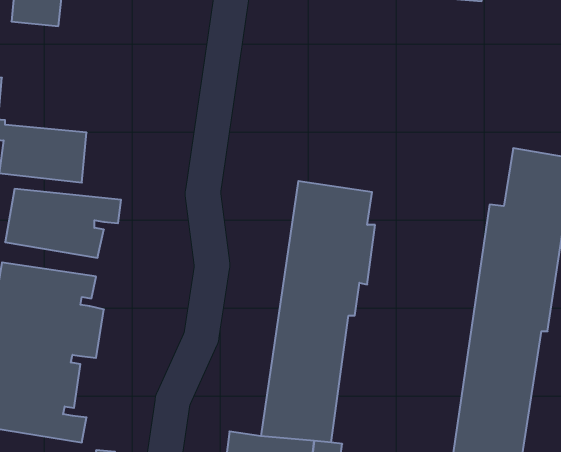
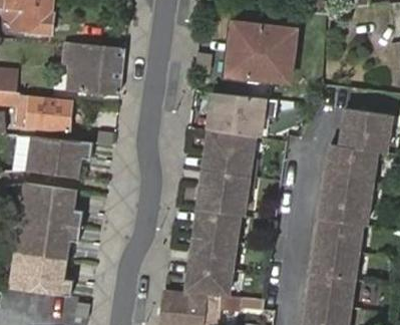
building: none -> [230,27,297,84]
building: none -> [70,42,126,93]
building: none -> [209,92,271,138]

